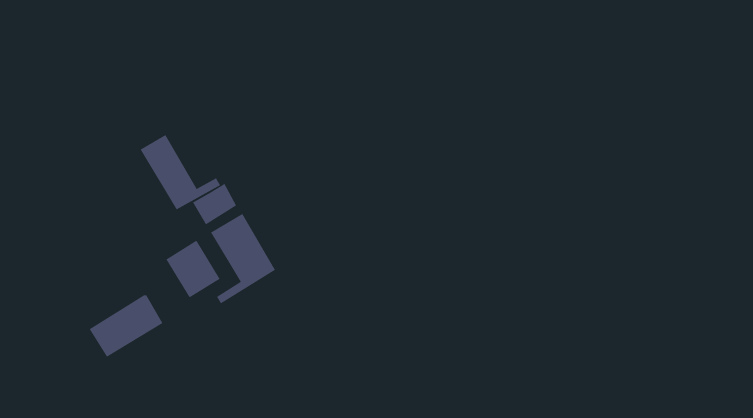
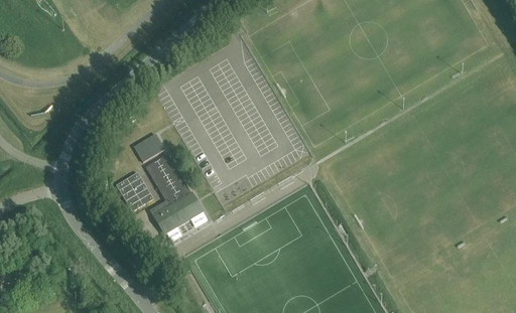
building: [140,134,221,210] -> none
building: [89,295,163,358] -> [152,191,203,233]

